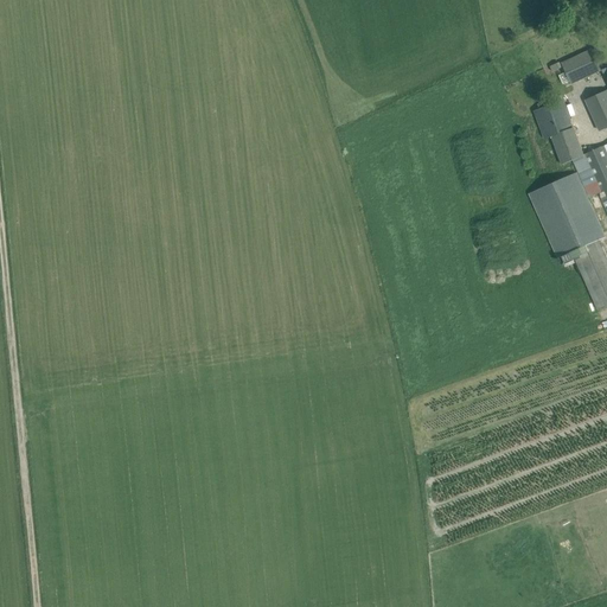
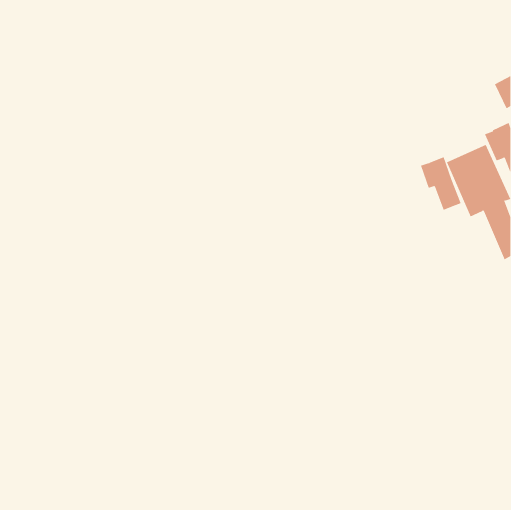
building: [562,49,600,83] -> none
building: [535,100,583,164] -> [420,157,461,211]

